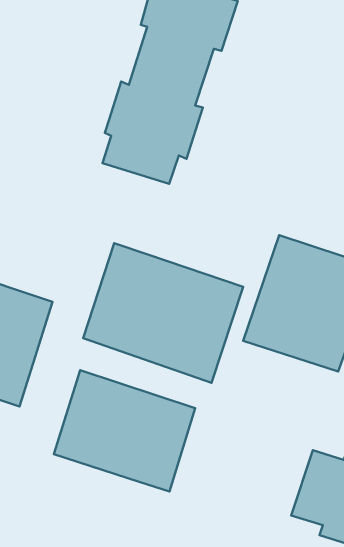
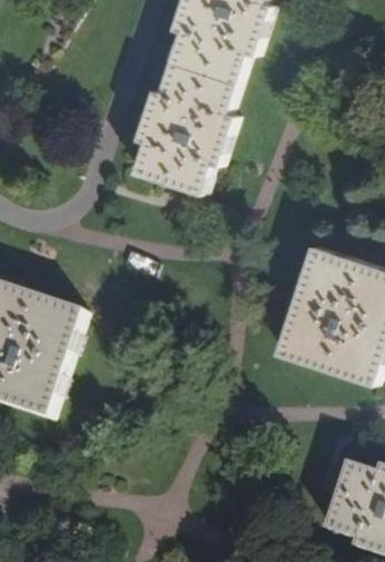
building: [83,243,243,383] -> none
building: [54,370,195,492] -> none

